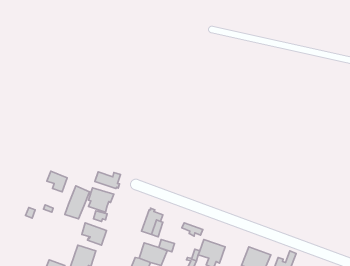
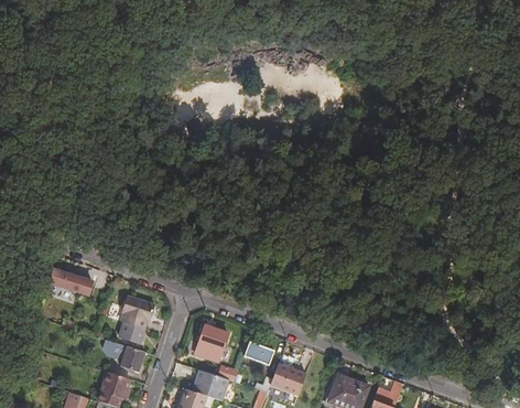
building: [95,172,120,189] -> none
building: [65,186,89,219] -> none

